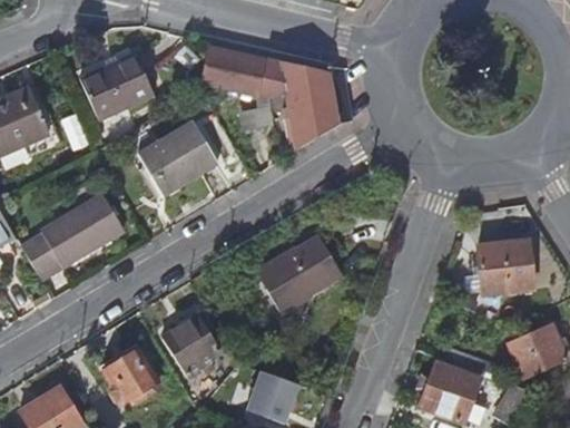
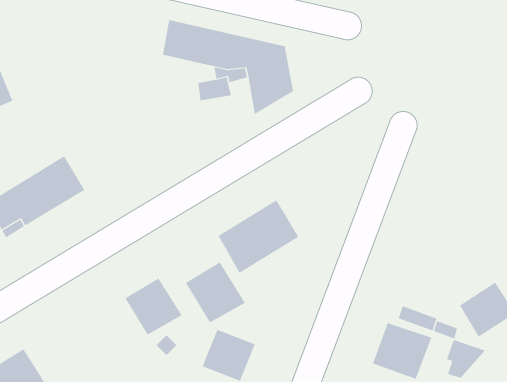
building: [82,56,155,121] -> none
building: [139,125,217,197] -> none
building: [476,237,531,291] -> none
building: none -> [185,262,246,323]
building: [105,350,158,401] -> none

